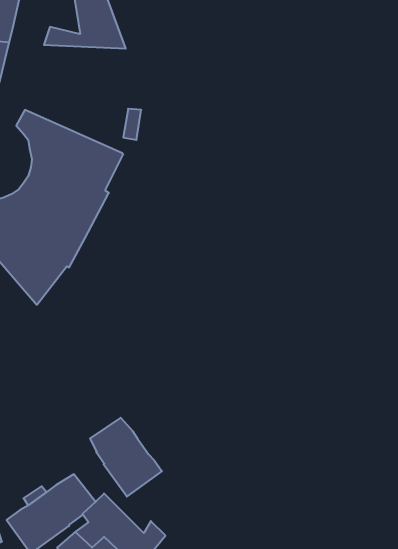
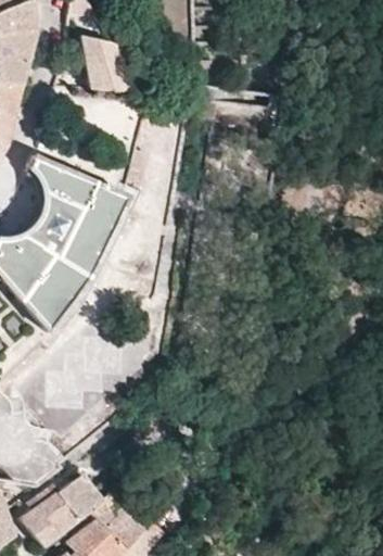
building: [90,418,162,497] -> none

